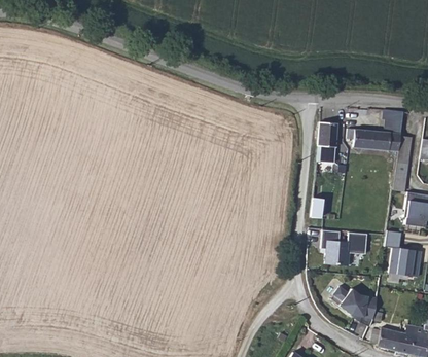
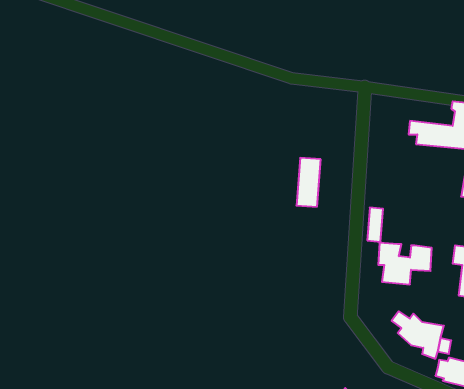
building: [317,121,337,163] -> [296,158,321,207]

